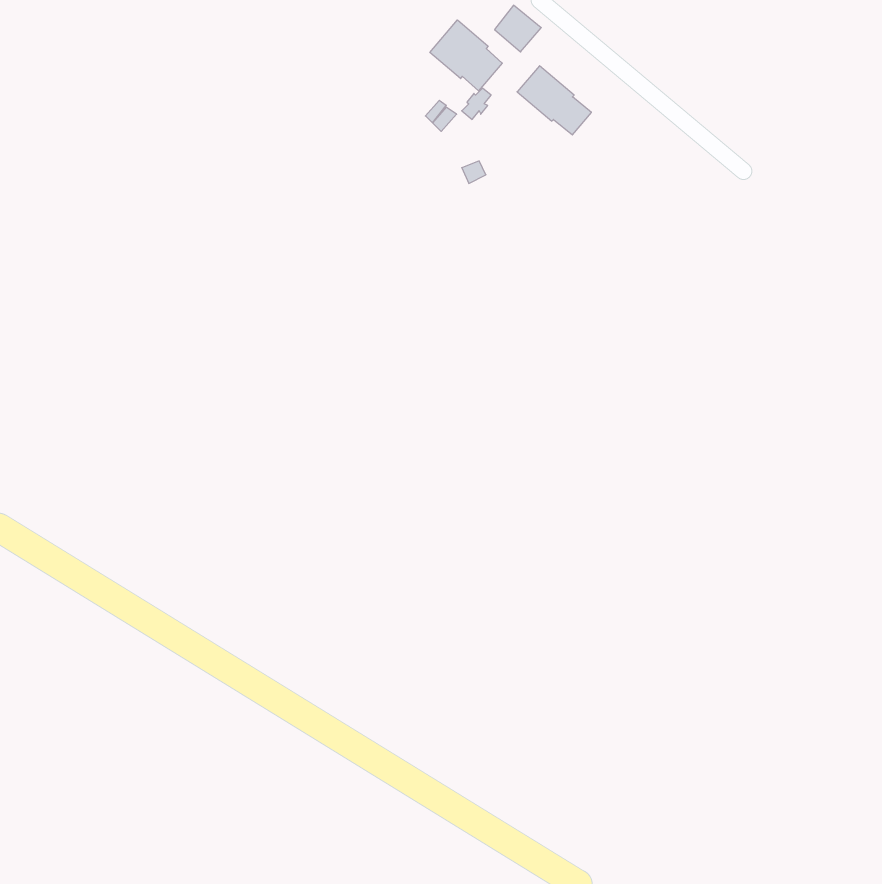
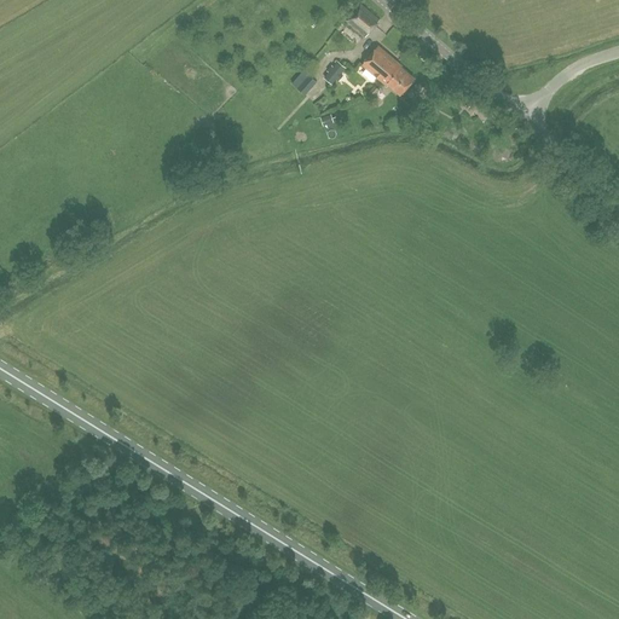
building: [430,20,502,91] -> none

